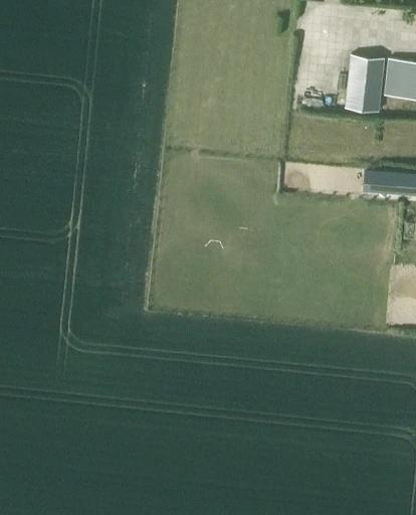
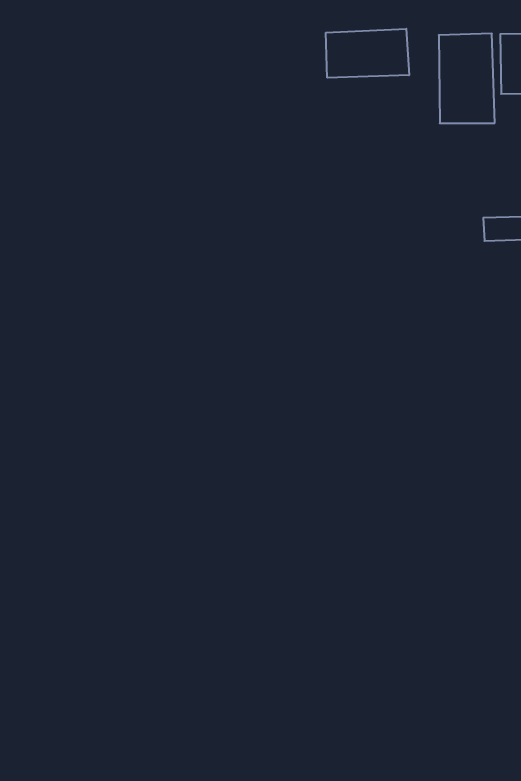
building: none -> [326,29,409,78]

